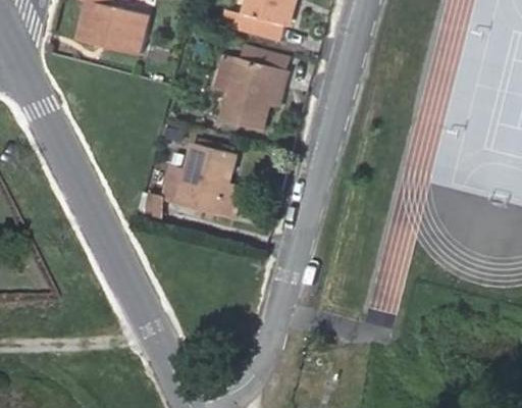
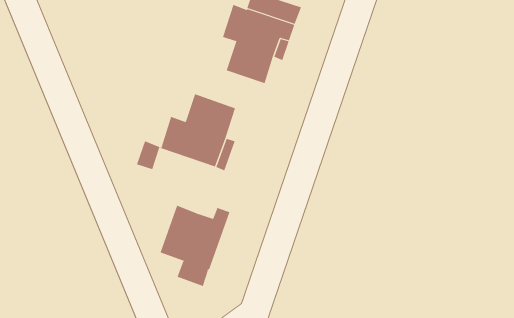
building: none -> [160,205,230,287]

